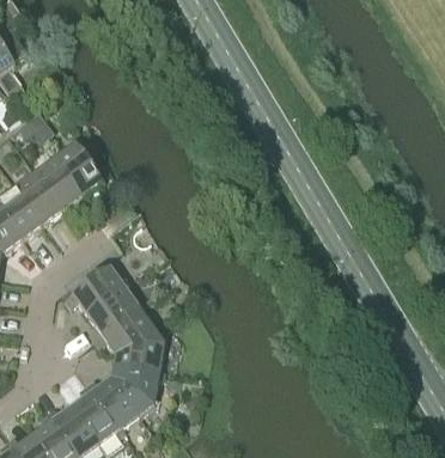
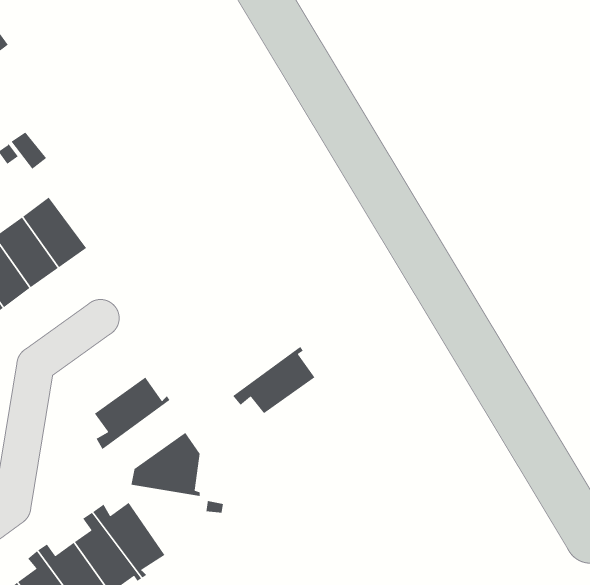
building: [54,143,102,195] -> none
building: [63,263,123,313] -> none
building: [92,304,152,353] -> [232,346,316,414]
building: [111,365,163,415] -> none

